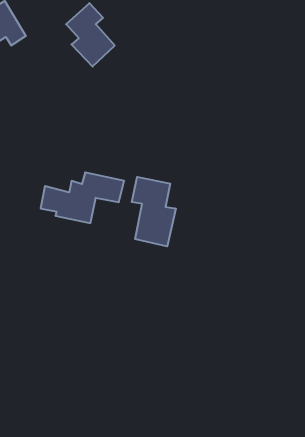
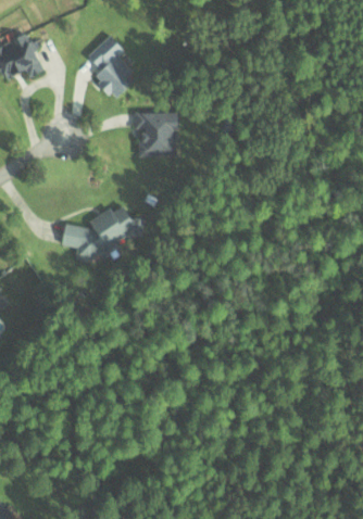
building: none -> [136,112,178,157]
building: [132,177,176,246] -> none

